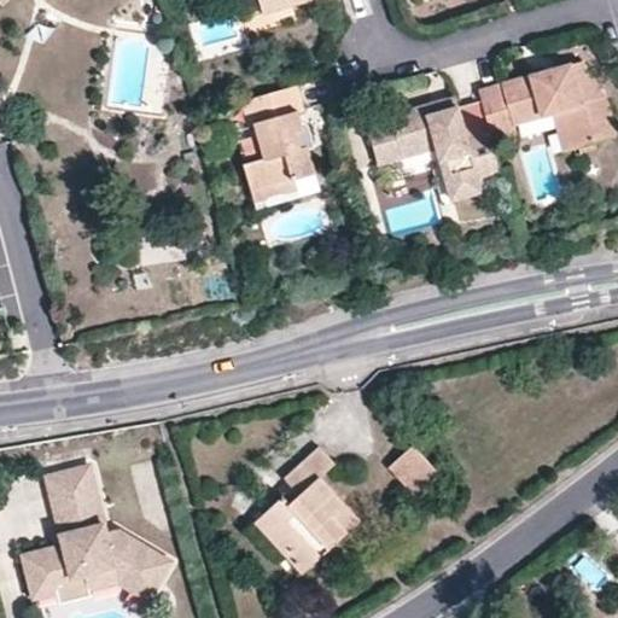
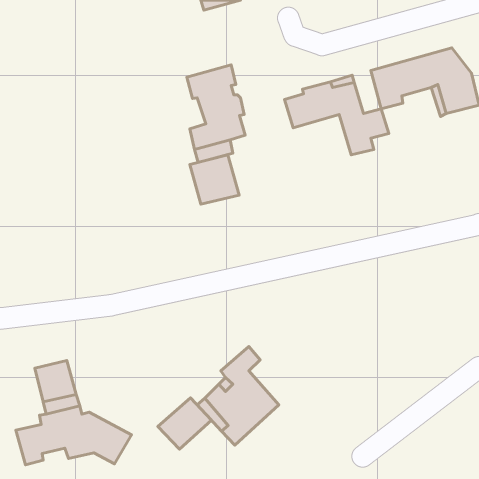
building: none -> [190,155,239,204]
building: [389,445,437,496] -> none
building: none -> [158,398,211,449]

